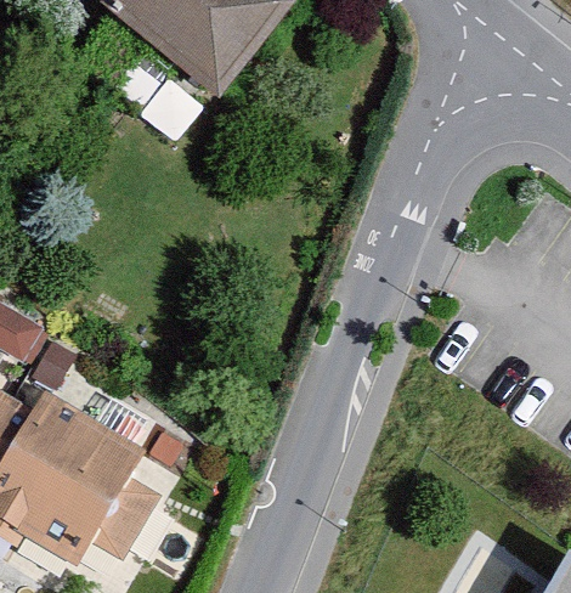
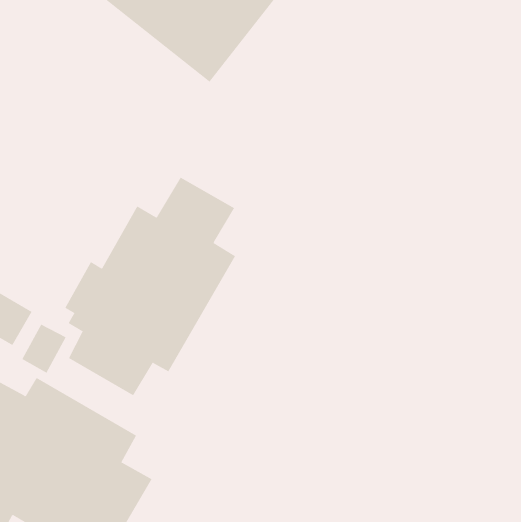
building: none -> [65,177,236,396]

